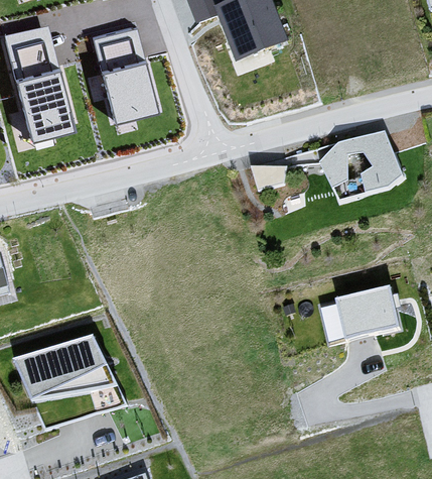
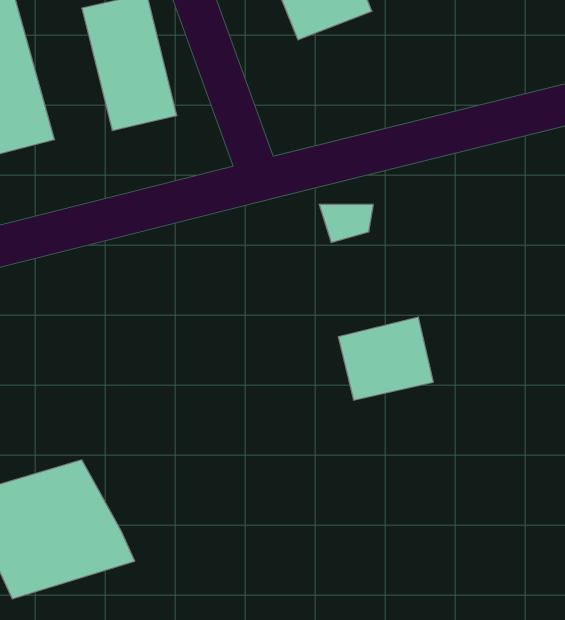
building: [319,130,403,202] -> none
building: [335,285,399,341] -> [338,317,433,400]

